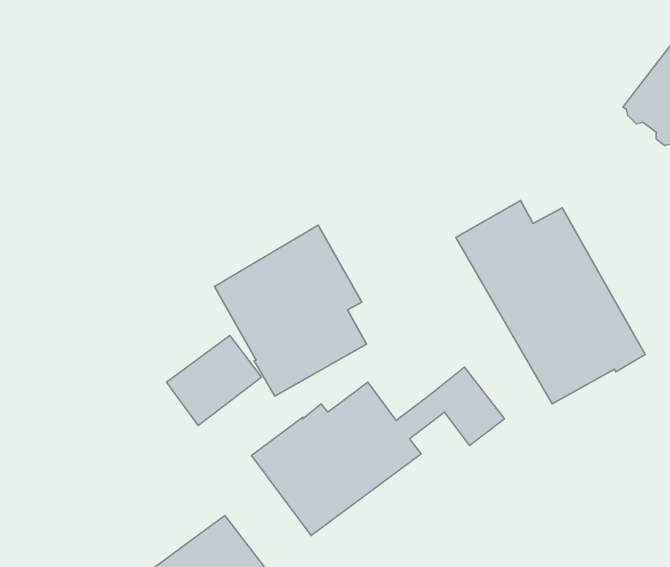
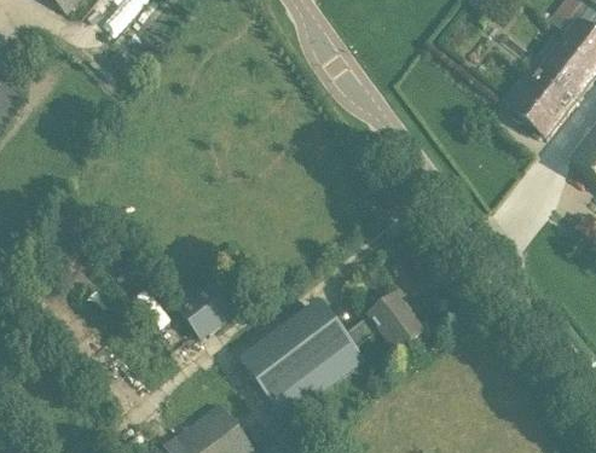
building: [456,201,645,404] -> none
building: [215,225,367,396] -> none

